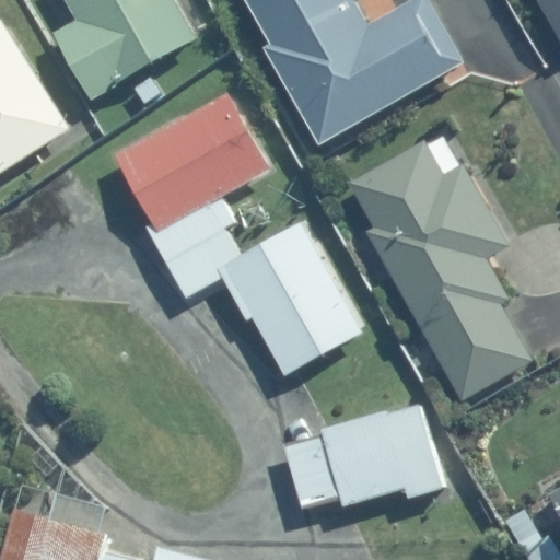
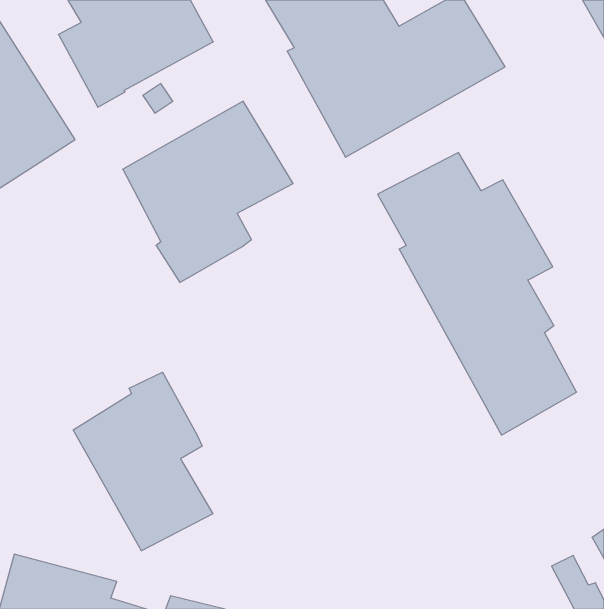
building: [165,218,364,376] -> none
building: none -> [73,372,213,551]
building: [282,406,444,509] -> none

